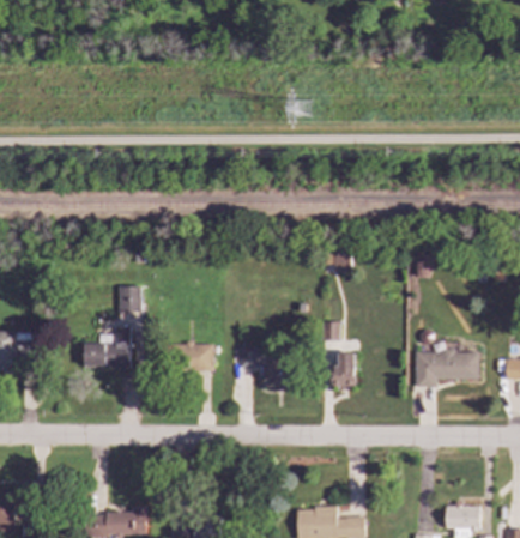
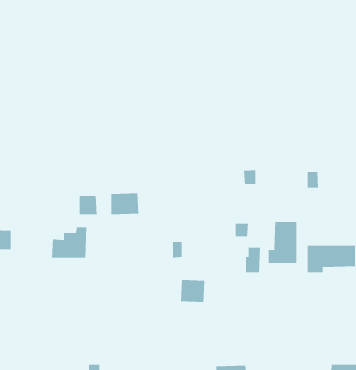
building: none -> [268,221,297,264]
building: [176,343,213,371] -> [111,193,139,215]
building: [261,358,294,388] -> [180,279,205,303]

